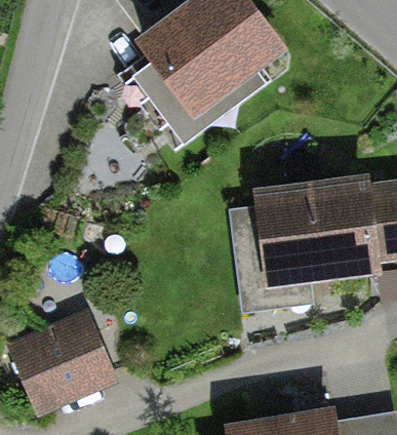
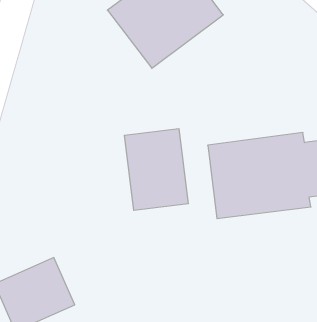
building: none -> [124,129,188,210]

